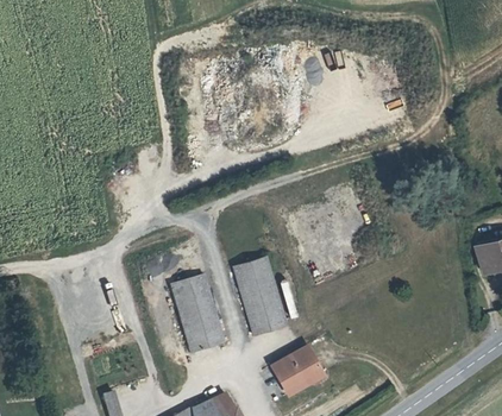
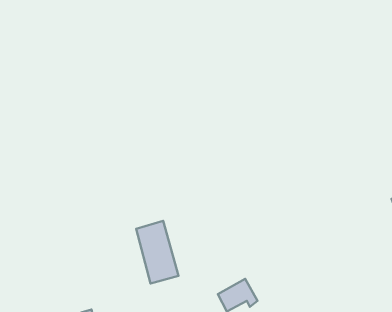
building: [237,259,287,334] -> none

